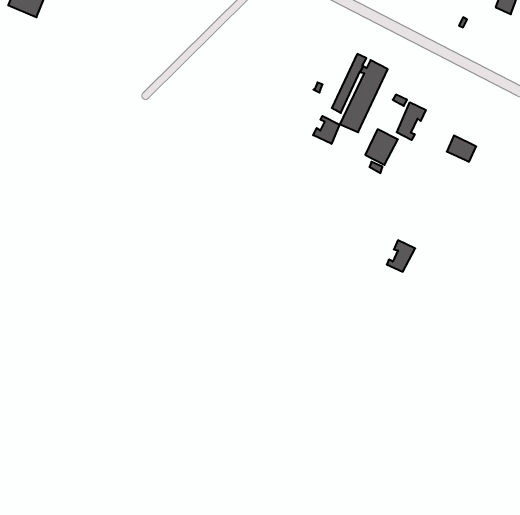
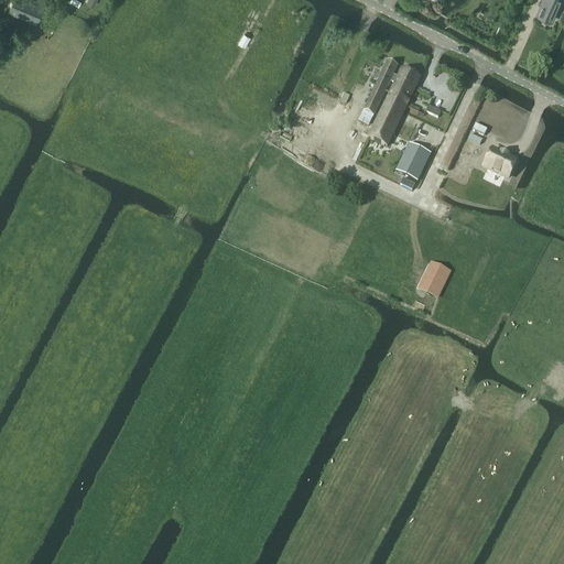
building: [397,102,426,140] -> none
building: [313,116,339,144] -> none

